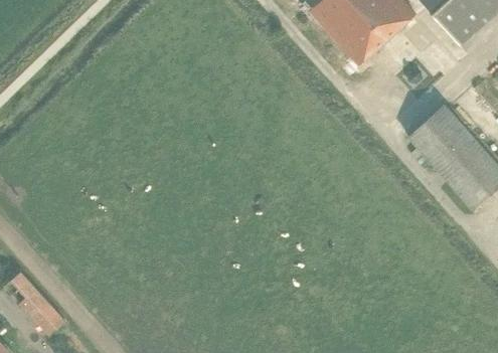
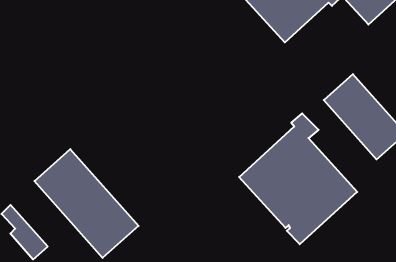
building: none -> [239,113,357,244]
building: none -> [34,149,139,258]

